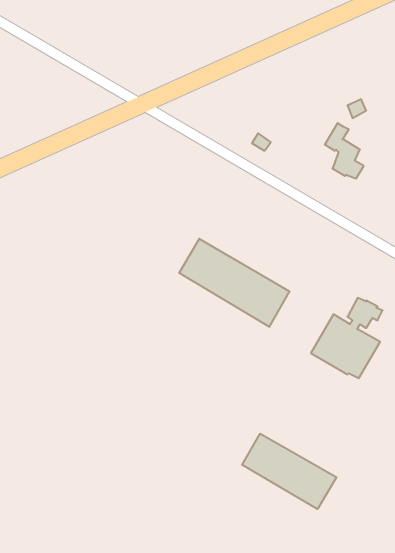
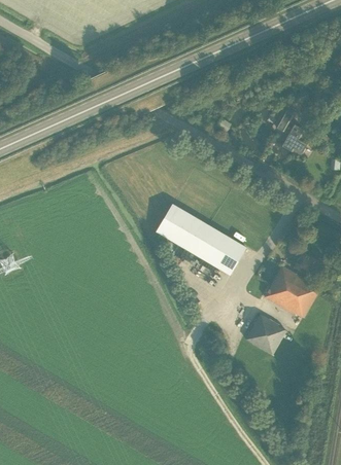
building: none -> [245,314,286,355]
building: [242,434,336,509] -> none

